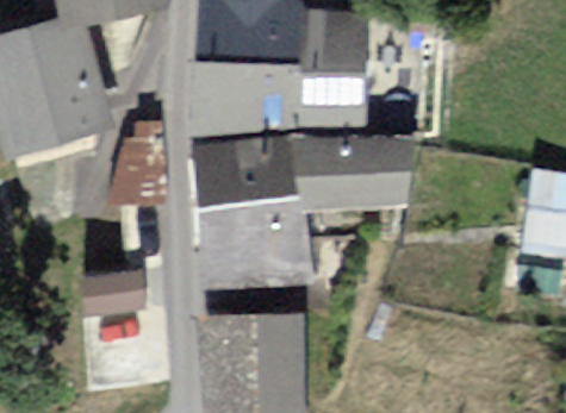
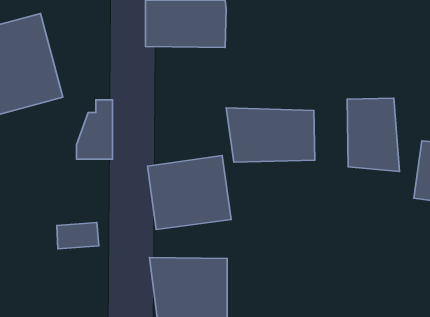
building: [199,13,365,126] -> none
building: none -> [347,98,400,171]
building: [194,134,294,206] -> none

